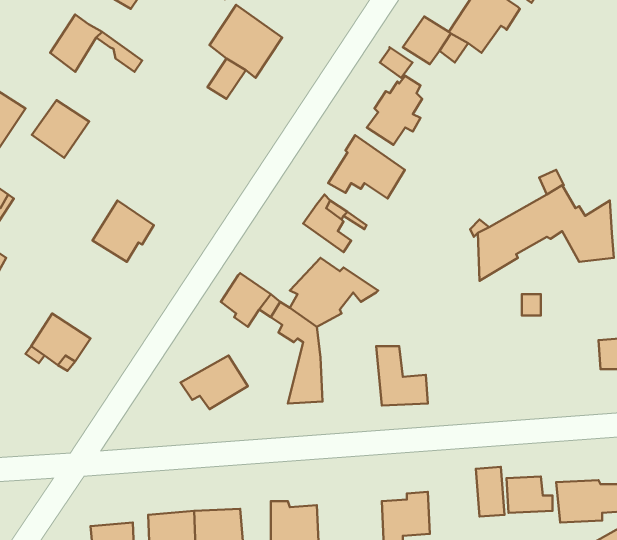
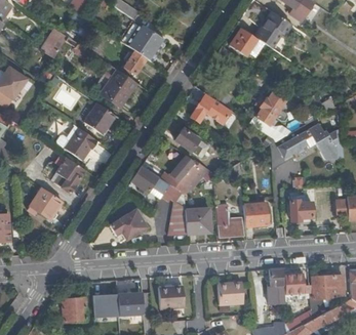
building: [367,76,422,145] -> [255,88,285,125]
building: none -> [102,69,136,102]
building: [32,100,89,158] -> [84,102,115,133]
building: none -> [52,152,84,192]
building: none -> [289,199,312,220]
building: none -> [243,202,267,225]
building: none -> [186,208,211,234]

